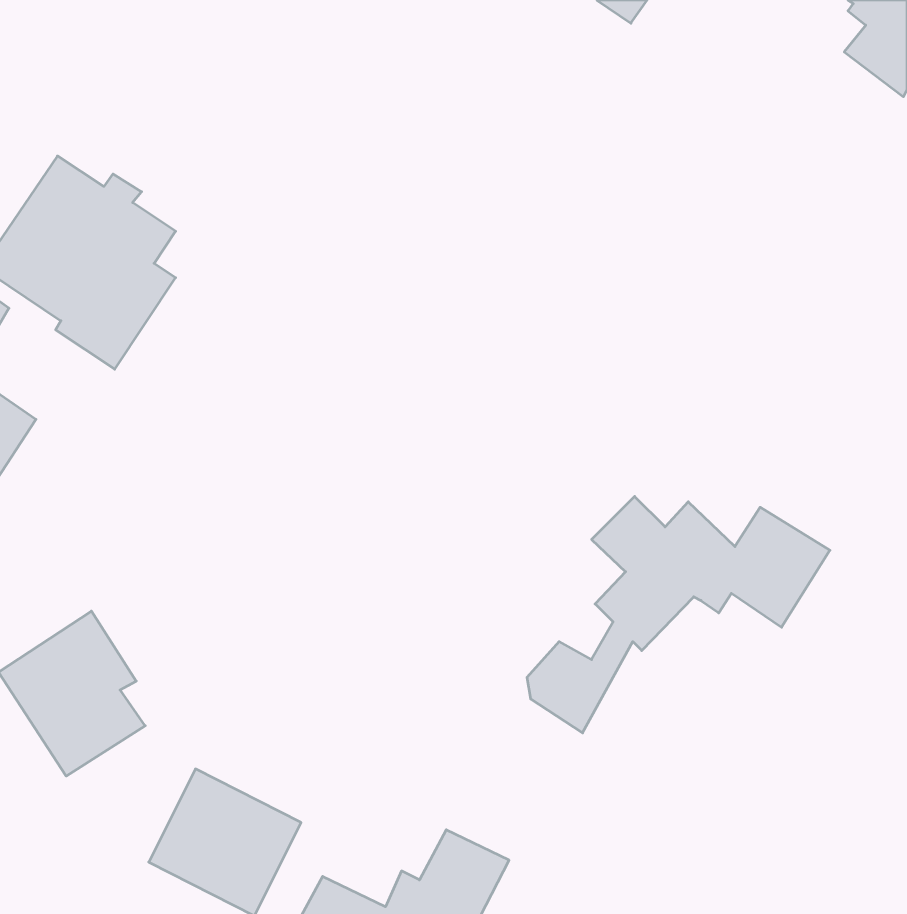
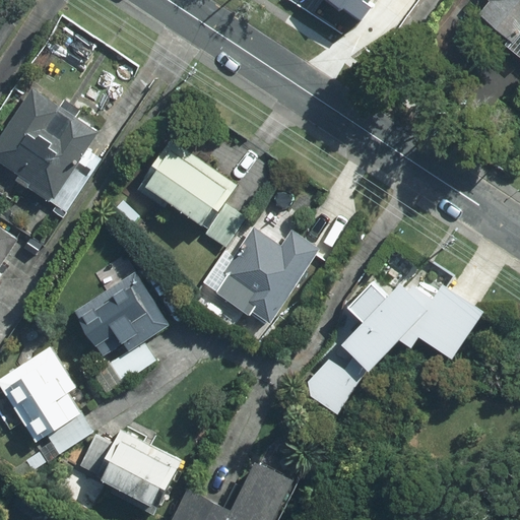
building: none -> [137,140,245,245]
building: none -> [217,228,322,321]
building: none -> [74,271,171,382]

